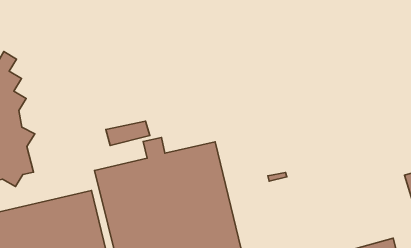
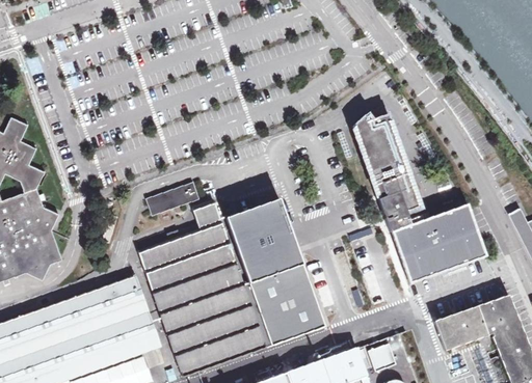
building: none -> [353,117,484,288]

